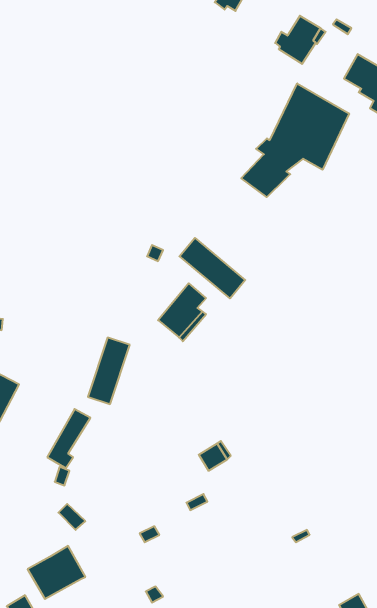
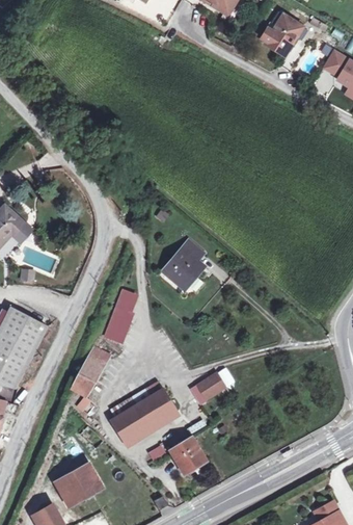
building: [241,83,349,197] -> none
building: [179,238,245,298] -> none
building: none -> [112,390,175,442]
building: none -> [168,438,205,474]

